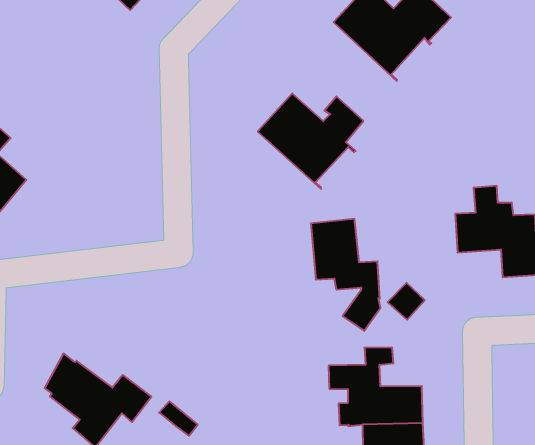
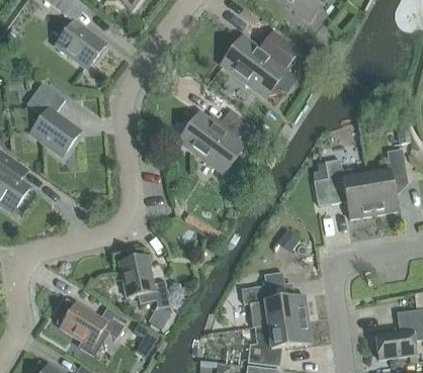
building: none -> [27,83,81,156]
building: [311,219,380,331] -> [119,255,171,328]

